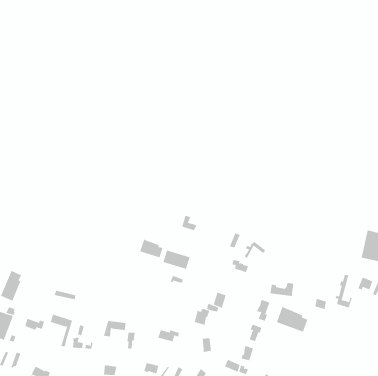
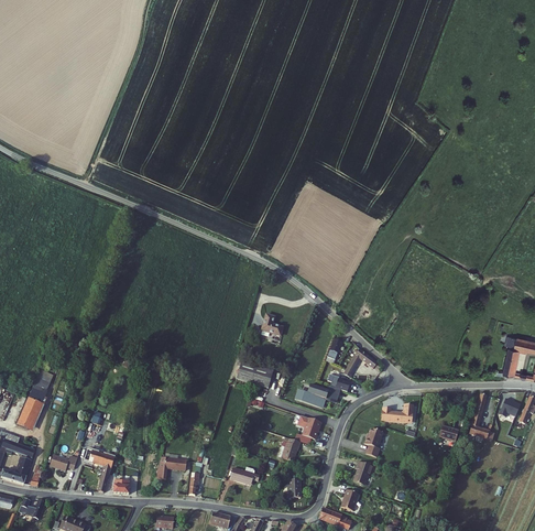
building: [140,239,163,258] -> none
building: none -> [297,384,341,407]
building: [276,306,308,332] -> none

